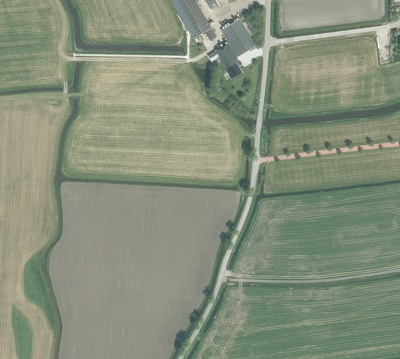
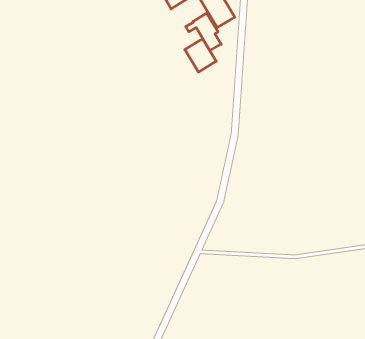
building: none -> [185,39,216,72]

